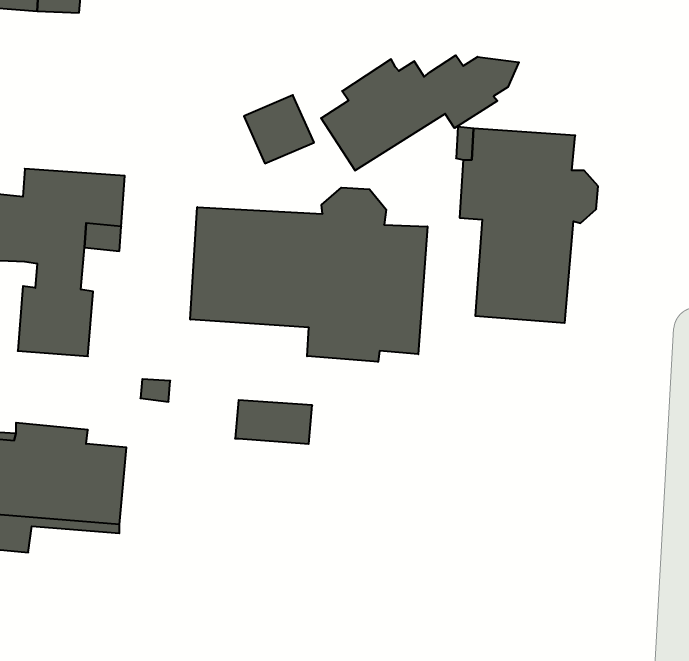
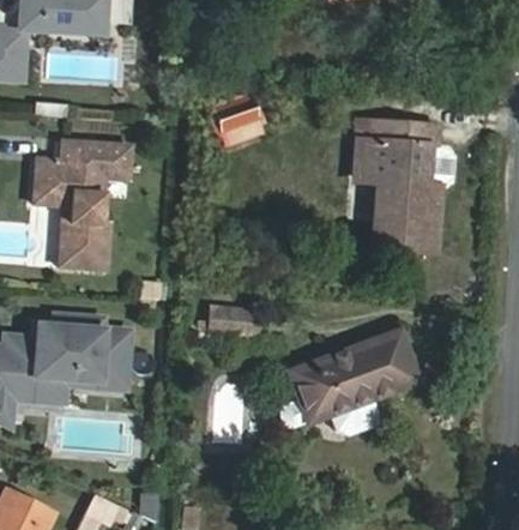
building: [321,55,519,171] -> none
building: [190,188,427,362] -> none
building: none -> [279,326,418,433]

